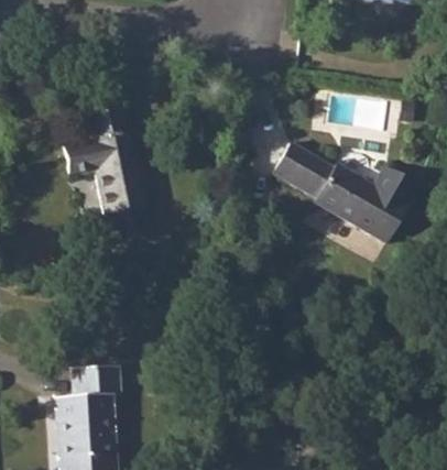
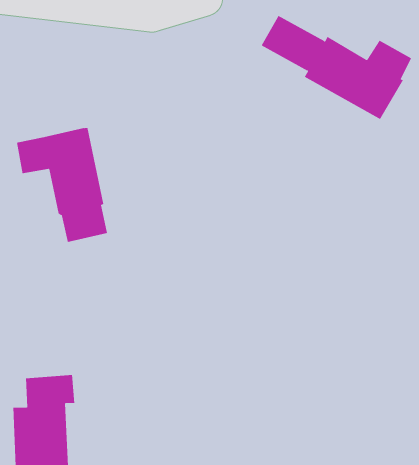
building: [271,143,414,242] -> [261,15,412,120]

